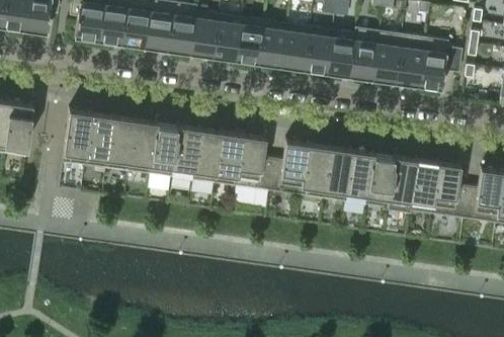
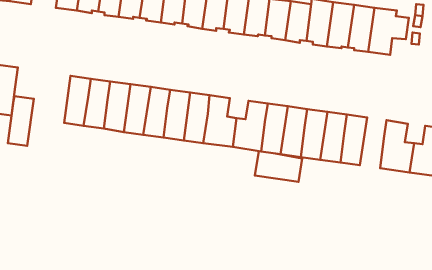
building: [63,110,91,165] -> [8,96,34,146]
building: [409,159,438,215] -> none
building: none -> [255,151,302,182]

